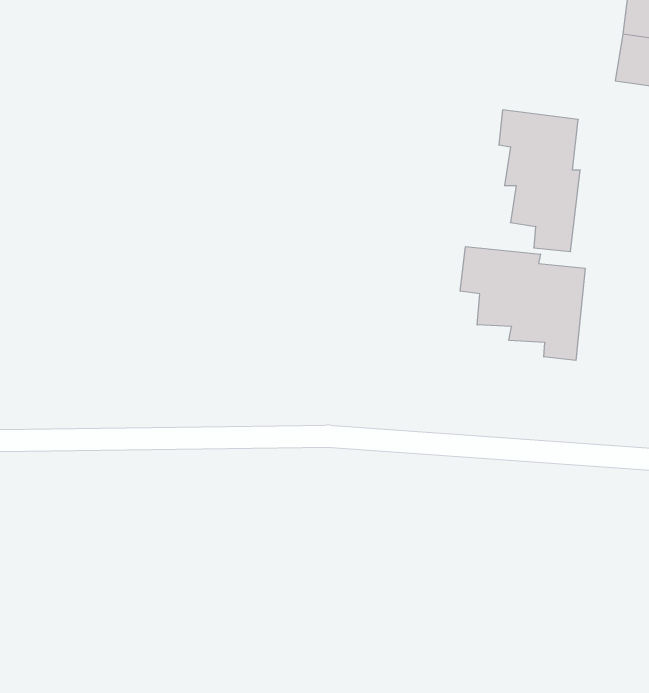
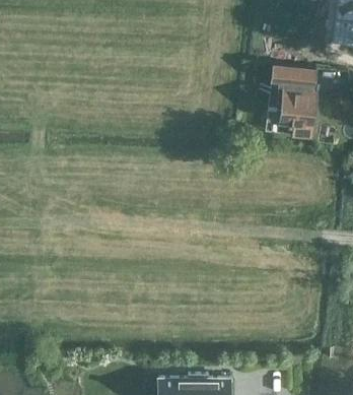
building: [460,247,585,360] -> none

